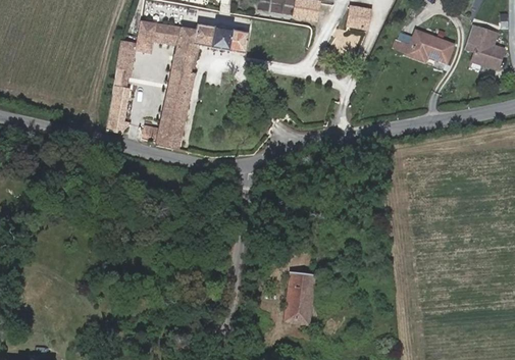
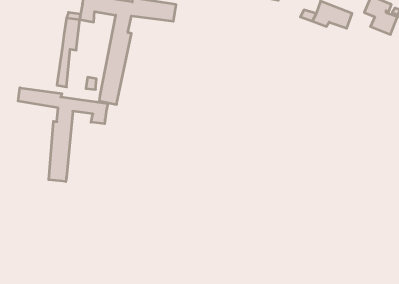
building: none -> [18,88,108,182]
building: [285,281,315,335] -> none

